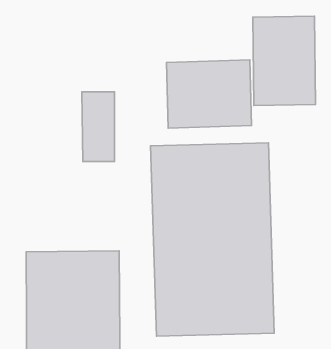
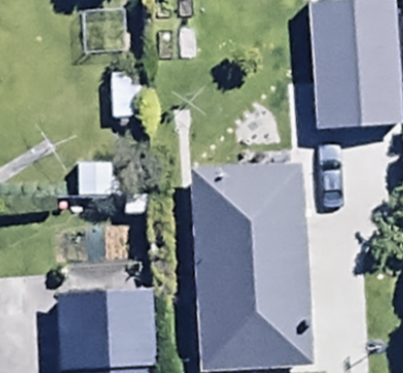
building: [167,60,251,128] -> none

